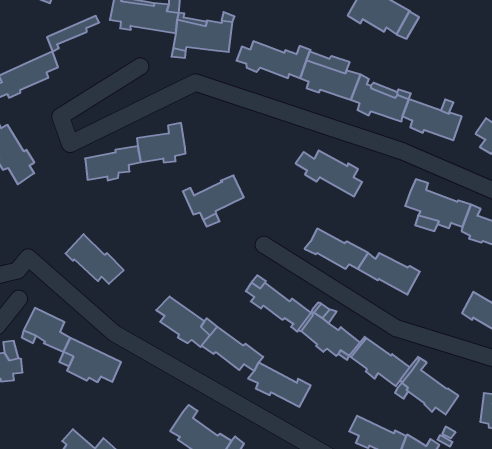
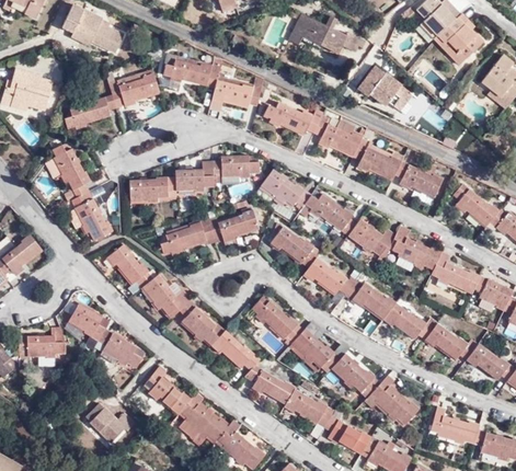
building: none -> [115,73,161,107]
building: none -> [214,156,261,184]
building: none -> [262,171,311,208]
building: none -> [72,191,111,239]
building: none -> [348,221,394,261]
building: none -> [160,216,216,254]
building: none -> [271,226,317,269]
building: none -> [141,273,190,318]
building: none -> [383,303,438,341]
building: none -> [142,366,191,414]
building: none -> [285,389,334,427]

